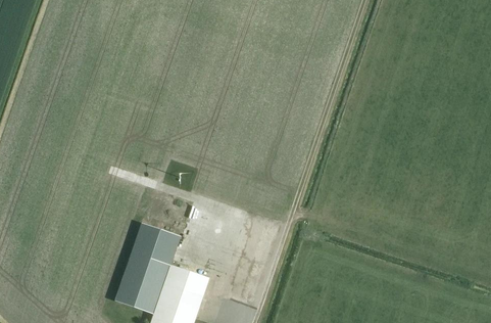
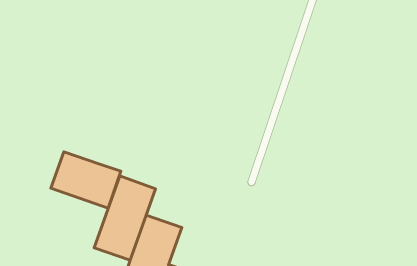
building: none -> [51,152,121,208]

